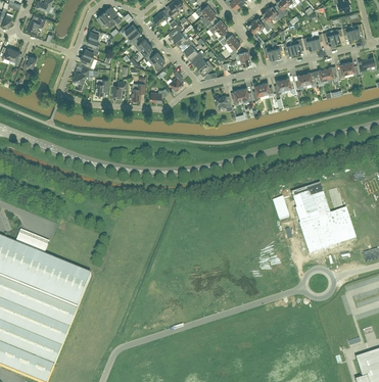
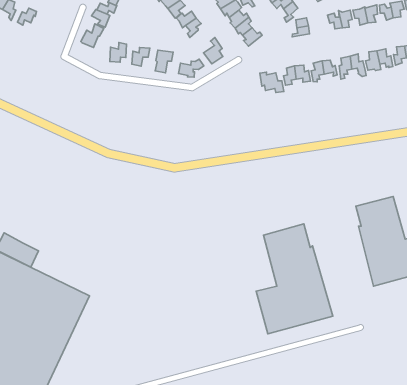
building: none -> [256,224,333,334]

